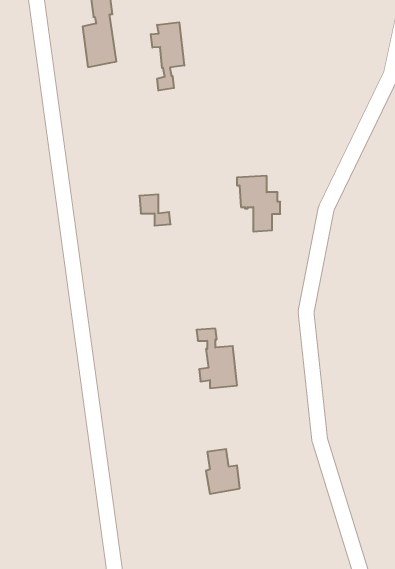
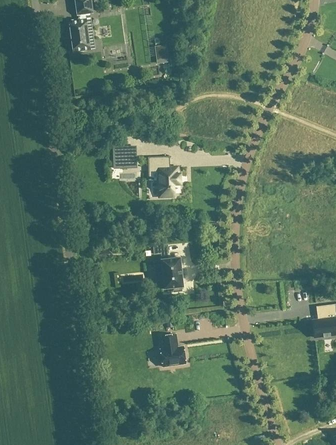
building: [151,22,184,91] -> none
building: [237,176,280,232] -> [148,156,180,197]

